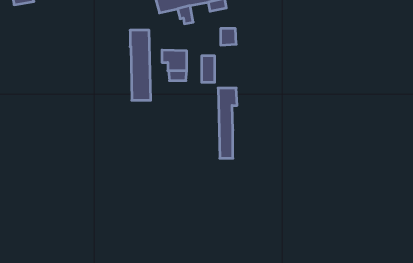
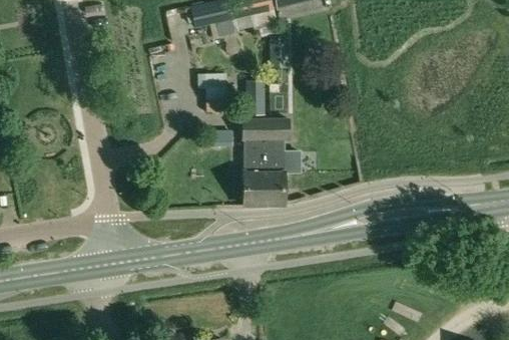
building: [130,30,151,100] -> [243,119,269,205]

